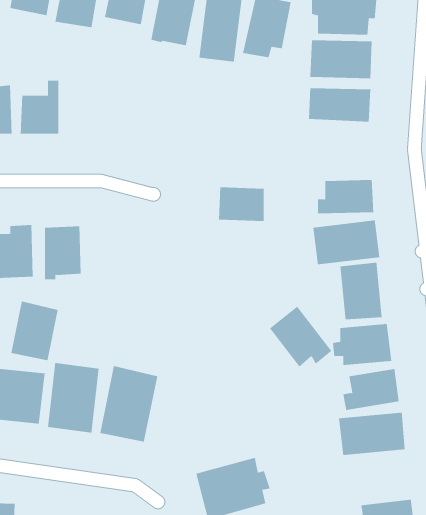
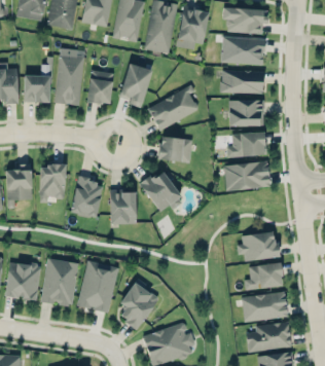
building: none -> [55,48,86,106]
building: none -> [120,64,153,108]
building: none -> [88,71,113,104]
building: none -> [148,86,201,131]
building: none -> [229,100,264,126]
building: [340,262,382,320] -> none
building: none -> [110,190,137,224]
building: [11,301,59,361] -> [71,177,104,218]
building: [269,306,332,367] -> [141,170,184,212]
building: none -> [119,278,159,329]
building: none -> [247,323,291,351]

